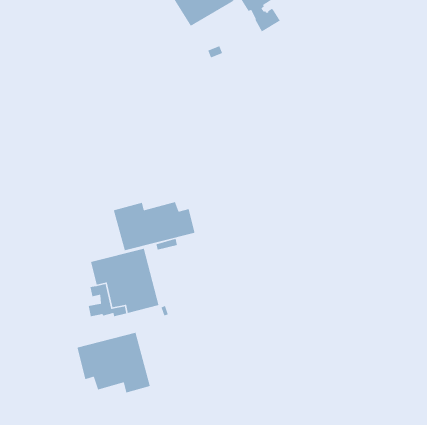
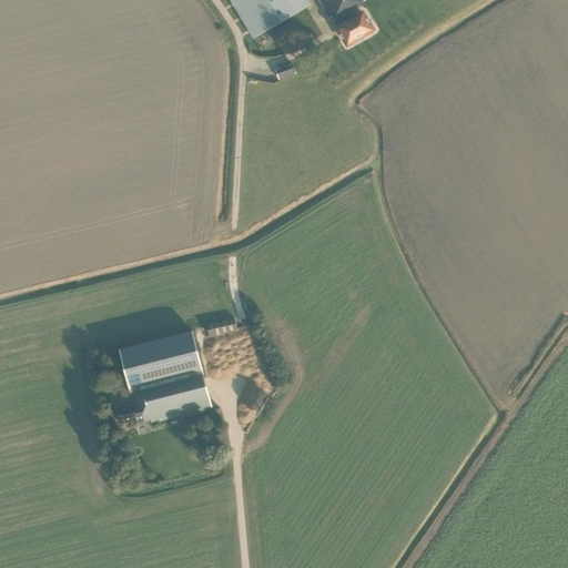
building: [113,201,196,251] -> none
building: [76,332,151,393] -> none

